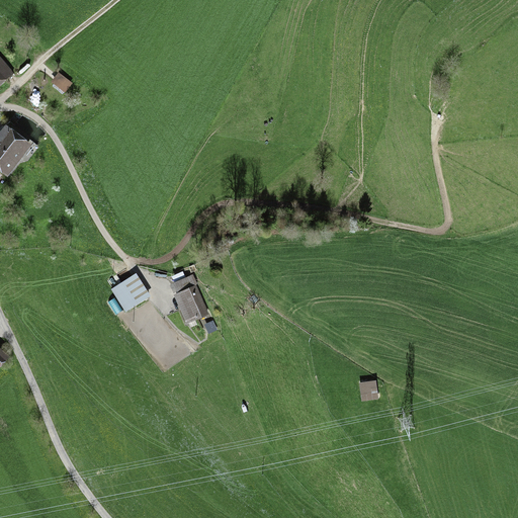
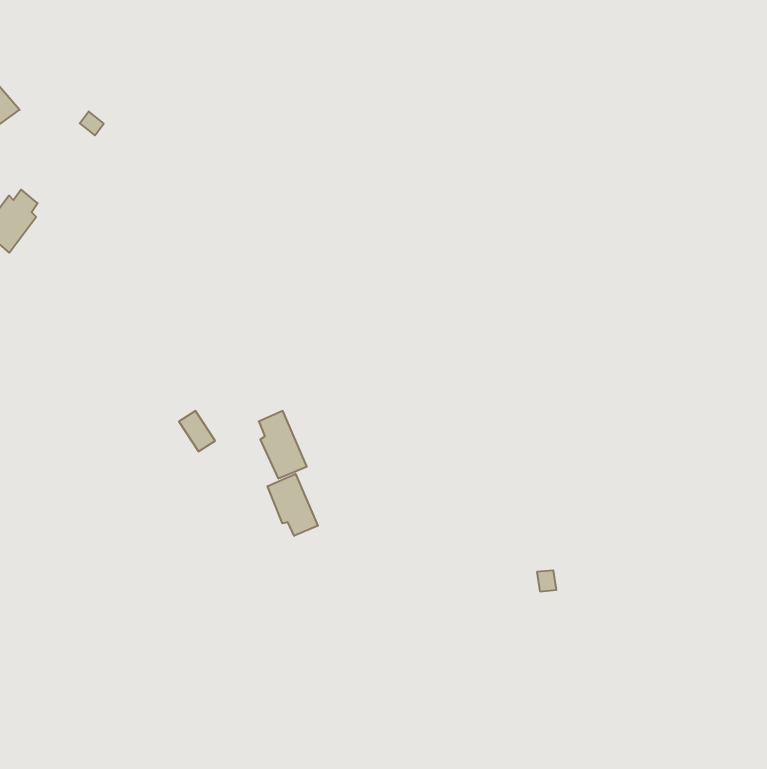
building: none -> [268,474,318,536]

